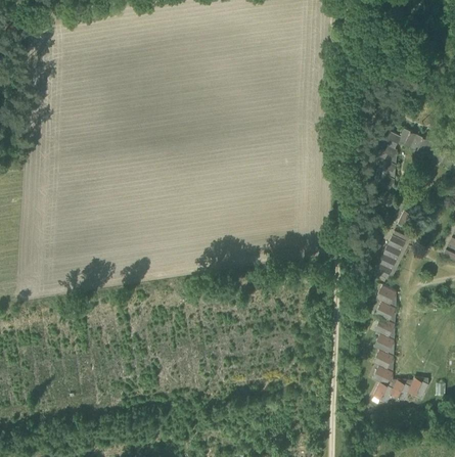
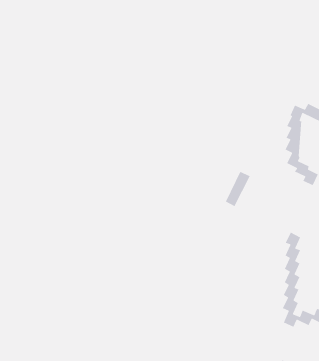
building: [374,234,406,278] -> [225,171,251,207]

